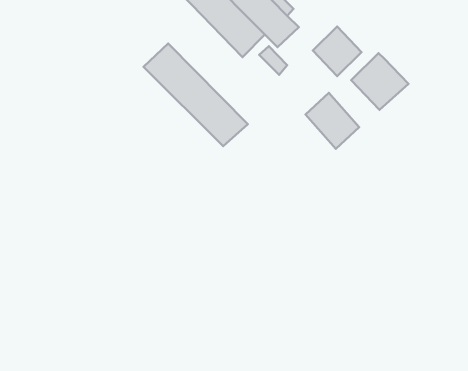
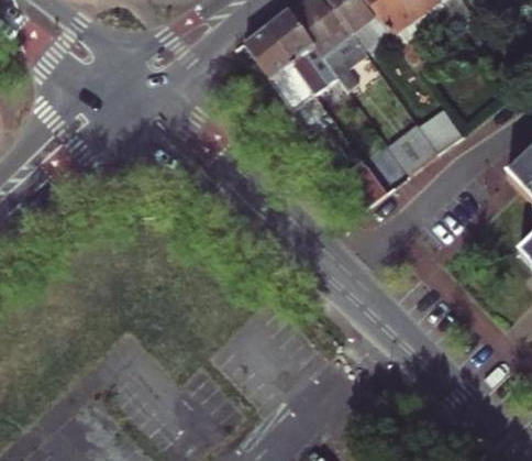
building: [313,27,361,76] -> [421,111,465,156]
building: [144,43,248,146] -> none

